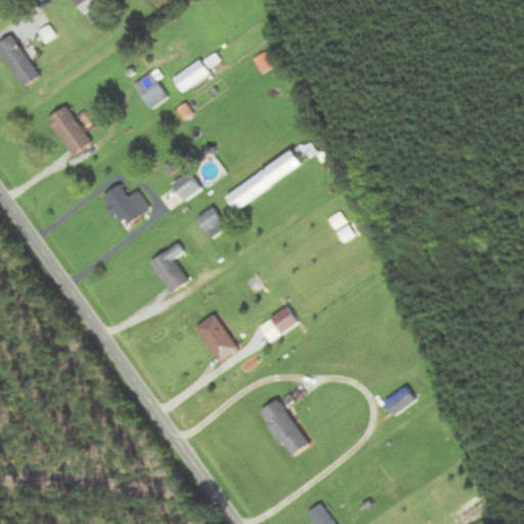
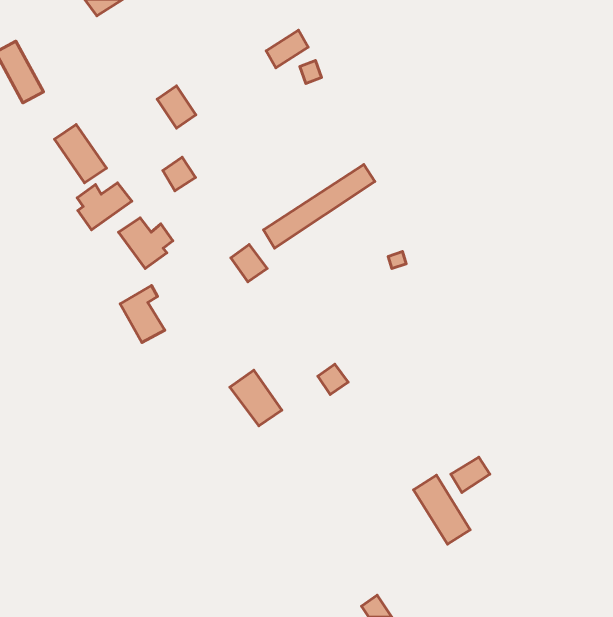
building: [172,59,208,91] -> [266,30,308,68]
building: none -> [77,183,132,230]
building: [171,172,199,201] -> [163,157,195,191]
building: [149,245,187,293] -> [120,286,165,342]
building: [259,399,307,457] -> [414,475,470,544]

